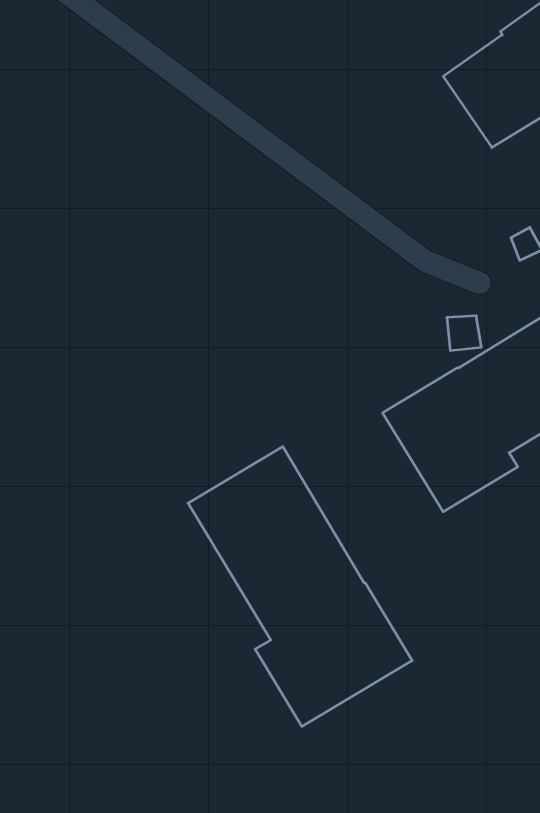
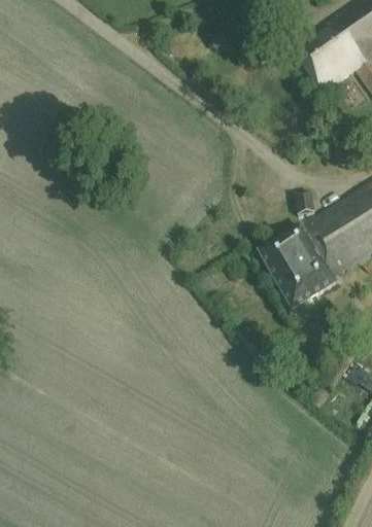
building: [188,447,412,726] -> none

